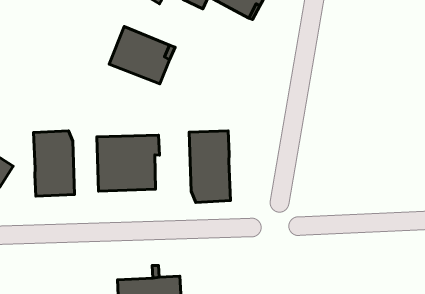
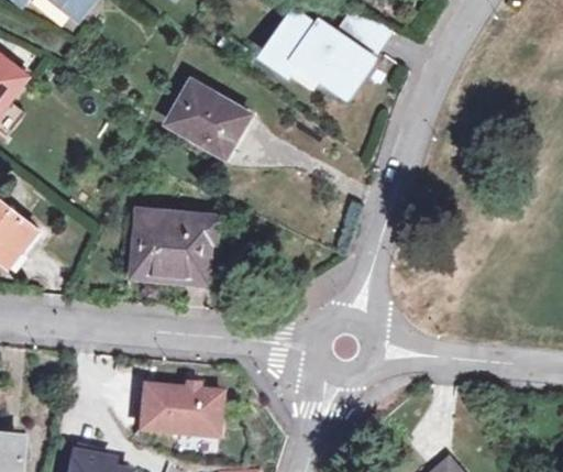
building: [189,131,231,202] -> none
building: [34,131,75,196] -> none

